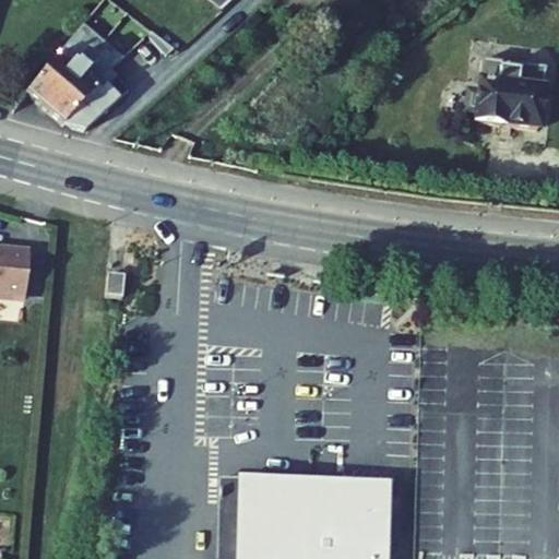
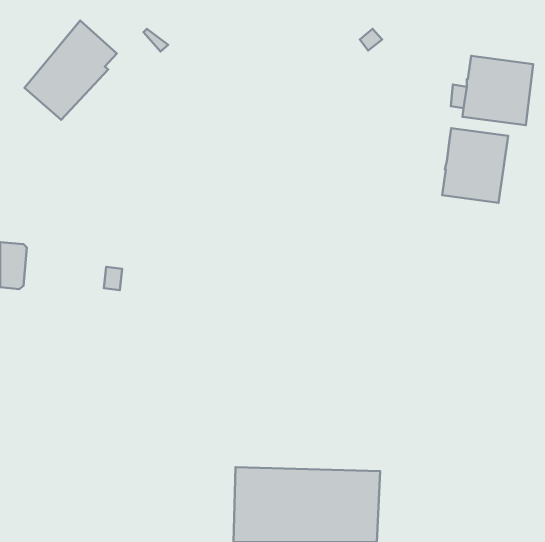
building: [64,71,119,128] -> none
building: none -> [442,128,508,203]

